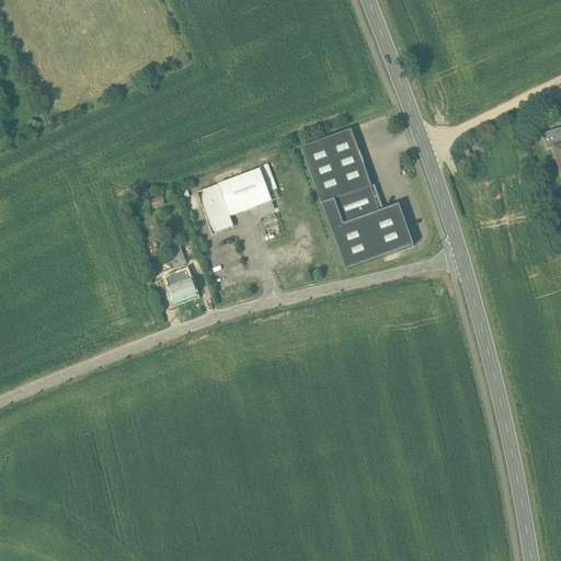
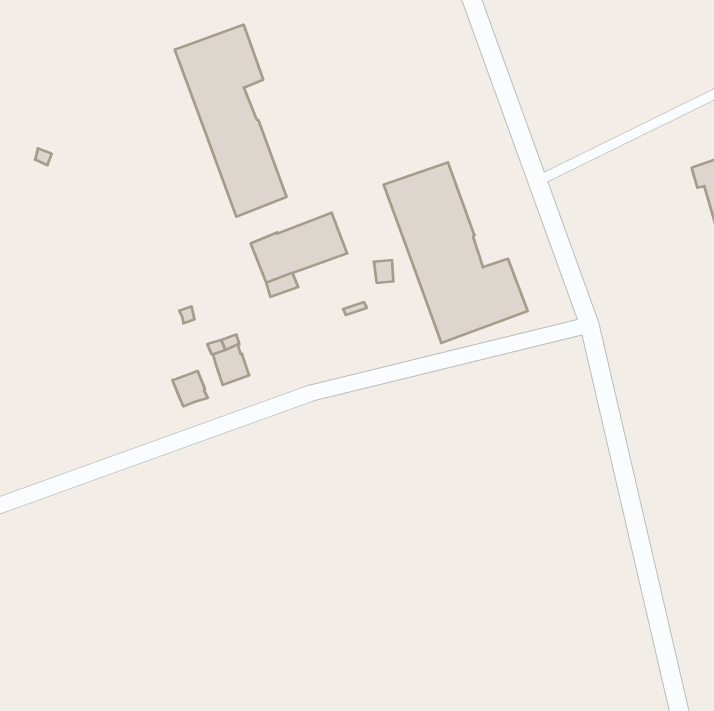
building: none -> [175,25,286,217]
building: none -> [172,371,208,406]

